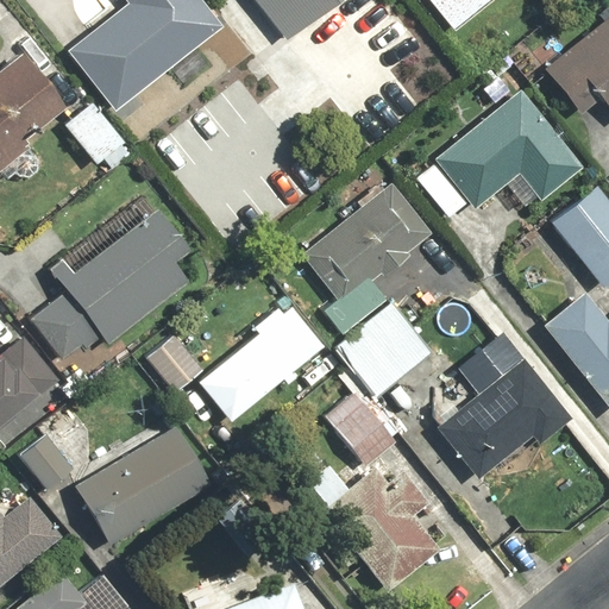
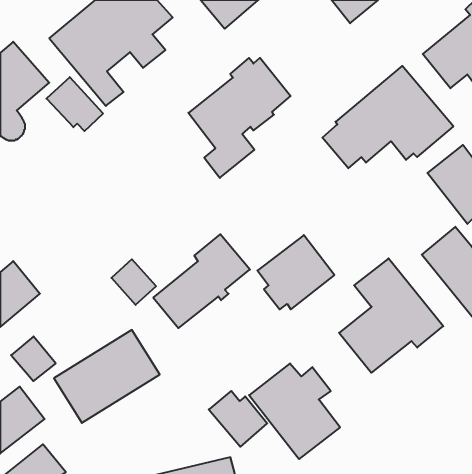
building: [302,182,433,335] -> [188,58,291,178]
building: [27,203,194,363] -> none
building: [325,393,400,464] -> [209,391,267,447]

